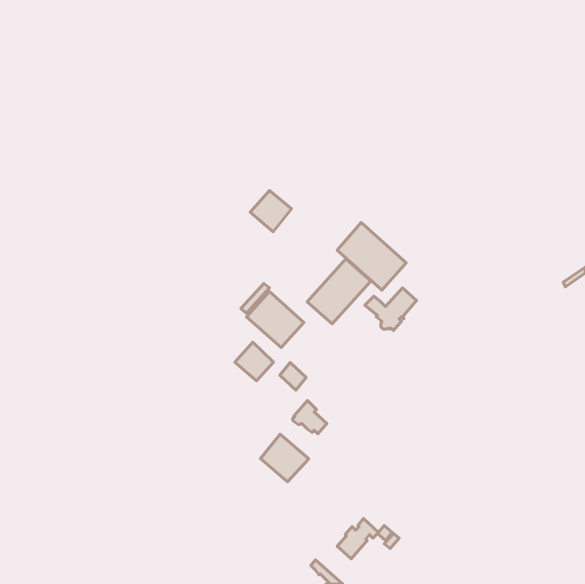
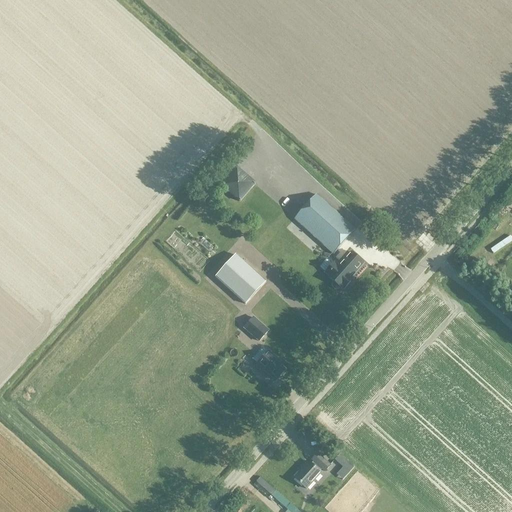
building: [307,259,371,324] -> none
building: [235,342,274,381] -> none
building: [261,434,309,482] -> none

